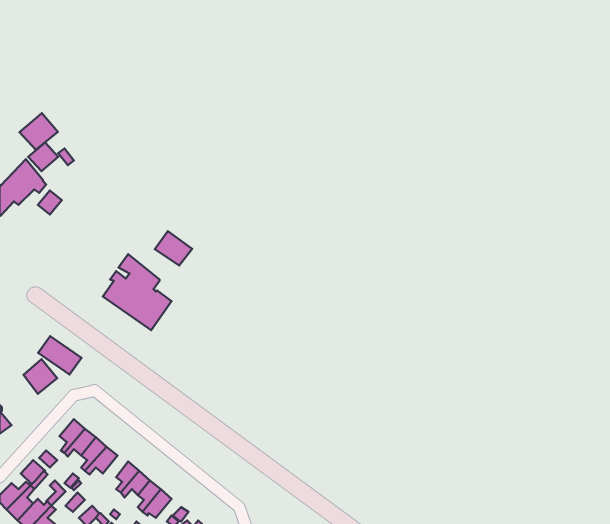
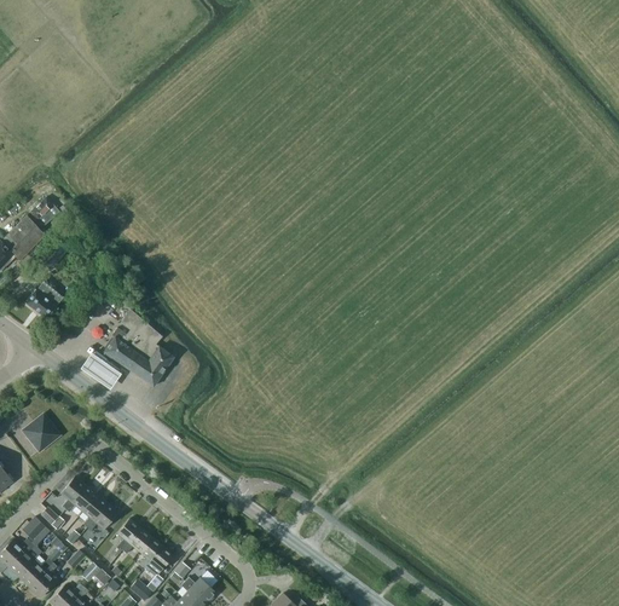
building: [19,113,58,150] -> none
building: none -> [24,282,63,321]
building: [155,231,192,266] -> none
building: [38,336,81,375] -> [79,348,122,387]

